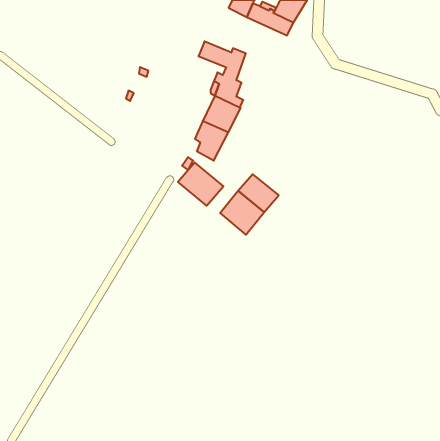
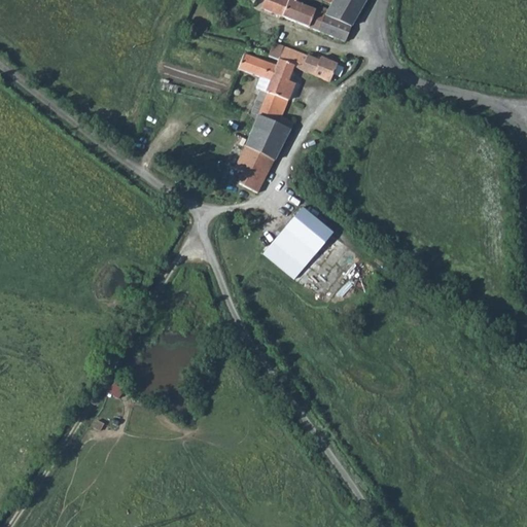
building: none -> [272,35,338,81]
building: [178,162,223,206] -> none

